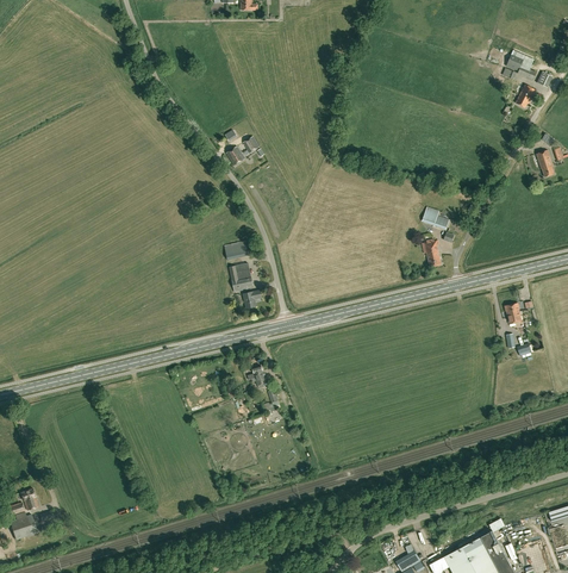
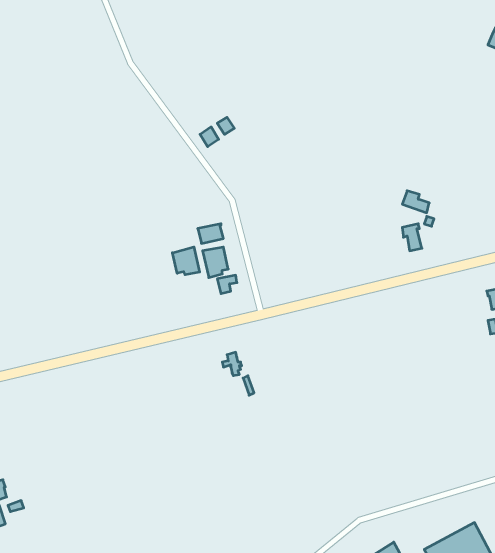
building: none -> [172,247,200,275]

